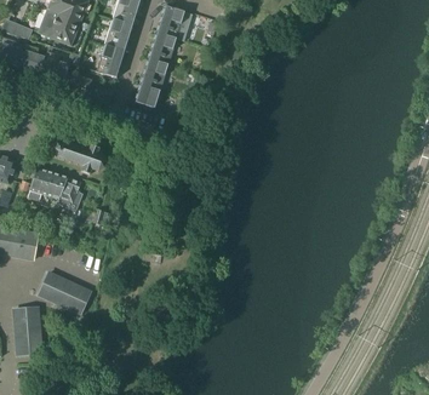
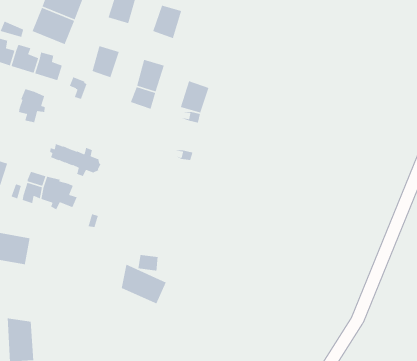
building: [103,19,132,52] -> none
building: [147,33,176,65] -> [180,80,210,114]
building: none -> [18,88,46,123]
building: [44,274,88,314] -> [121,264,167,305]

